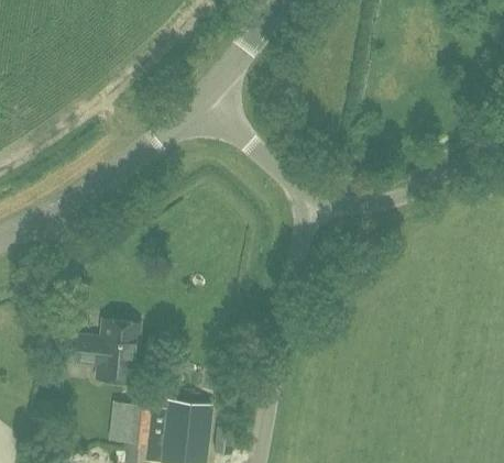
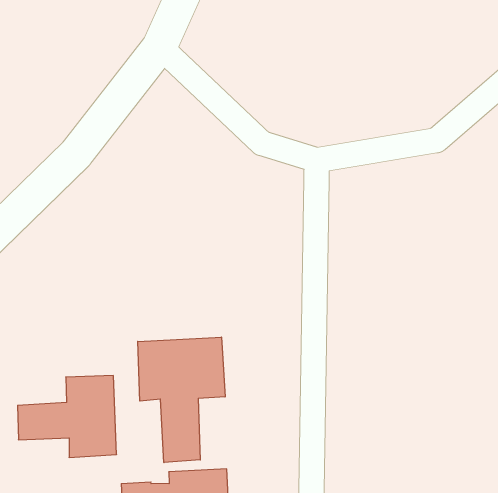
building: none -> [138,337,225,463]

